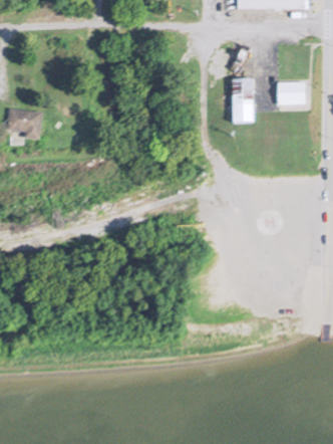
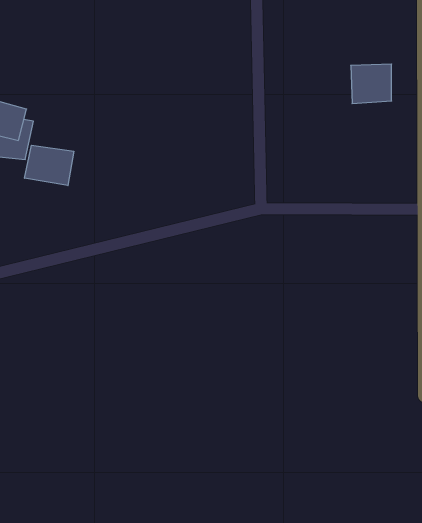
building: [232,77,254,123] -> none
building: none -> [25,145,74,186]

